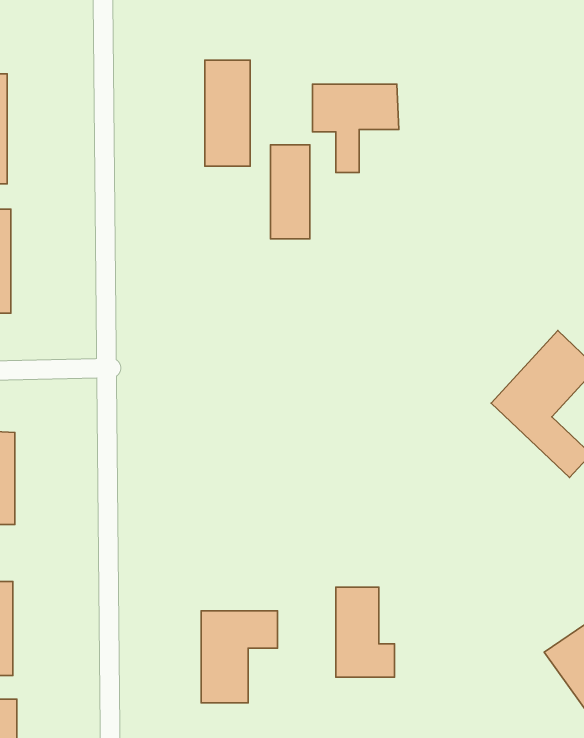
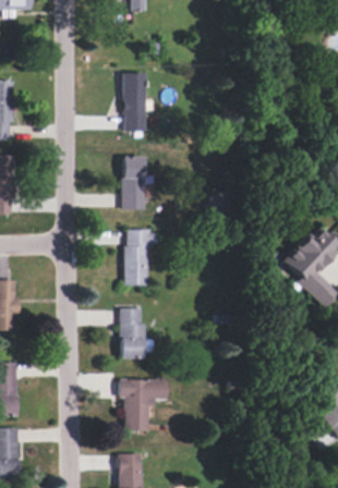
building: [313,84,399,173] -> none
building: [271,145,310,239] -> [123,157,145,209]
building: none -> [124,229,148,285]
building: [336,587,395,677] -> [120,307,153,357]

